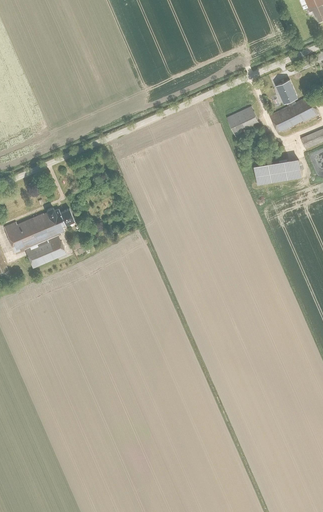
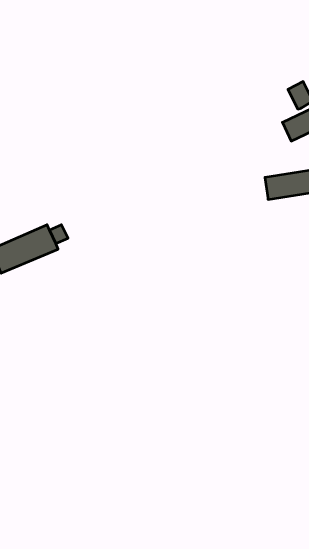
building: [227,105,259,134] -> none
building: [25,238,65,267] -> none

